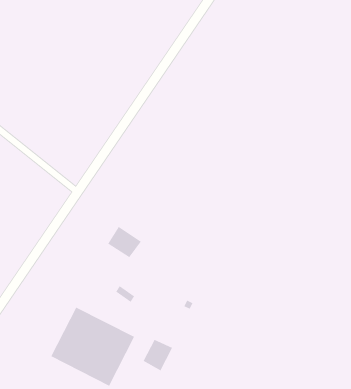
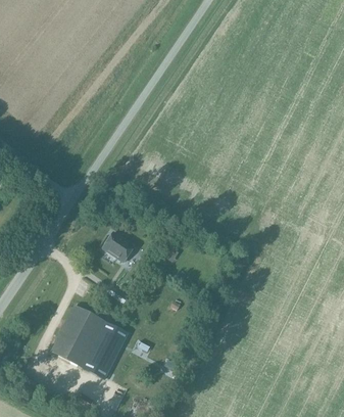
building: [142,339,173,371] -> none

